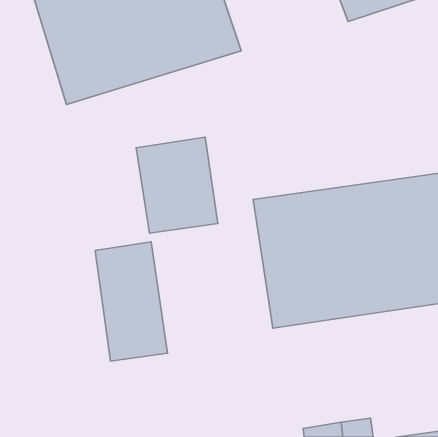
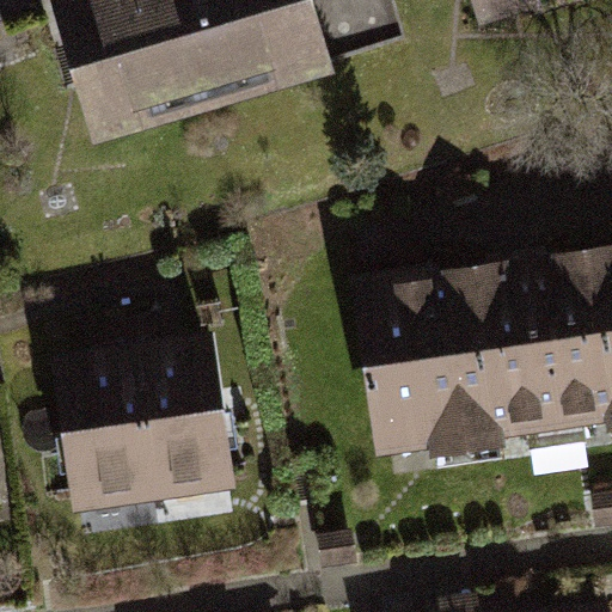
building: [136,137,218,233] -> none
building: none -> [53,347,158,512]

